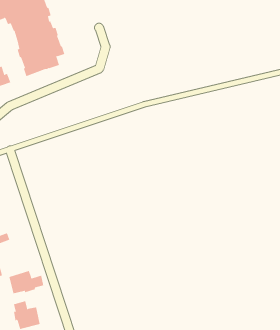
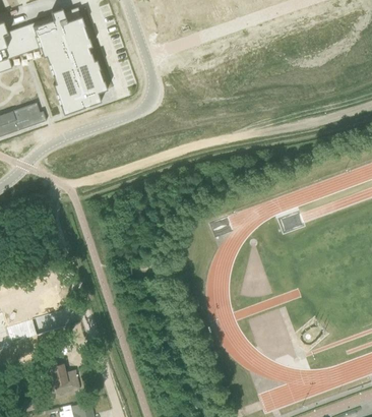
building: [9,270,44,294] -> none

